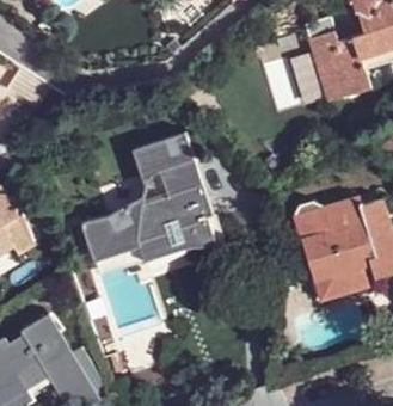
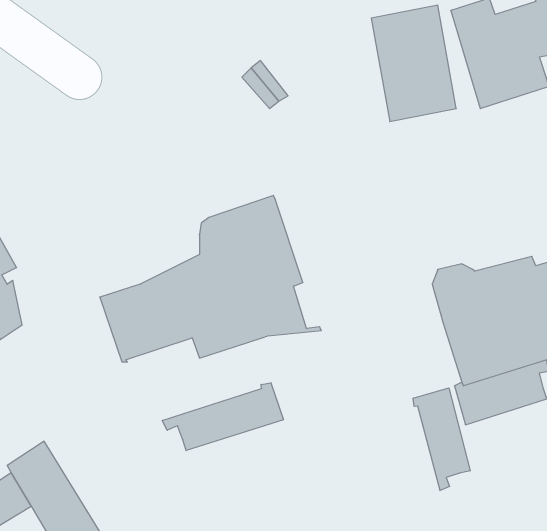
building: [133,131,194,182] -> none
building: none -> [162,383,284,451]
building: none -> [413,388,470,491]

